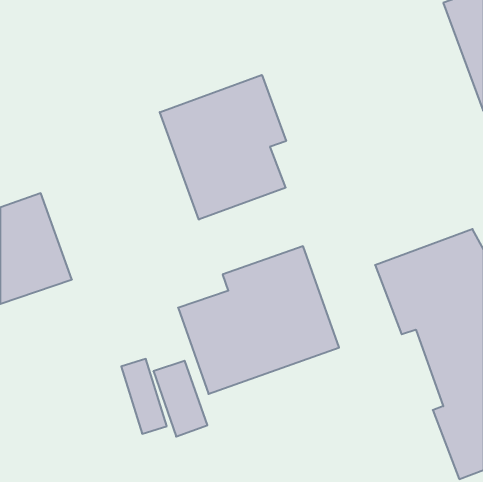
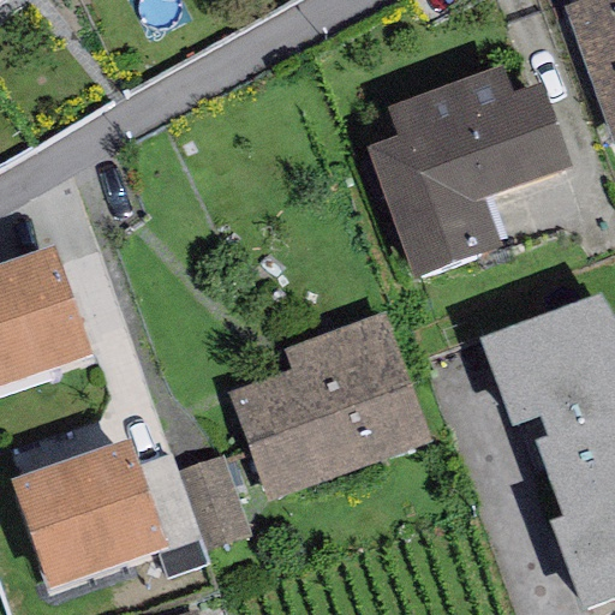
building: none -> [368,64,572,275]
building: [160,75,286,220] -> none
building: none -> [12,438,168,589]

